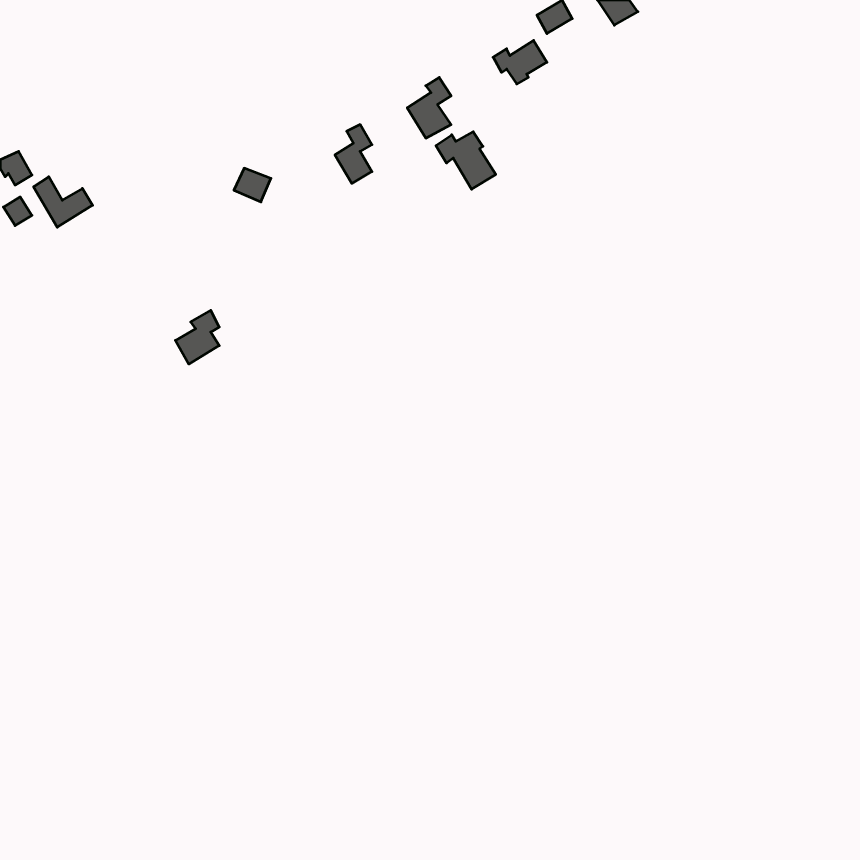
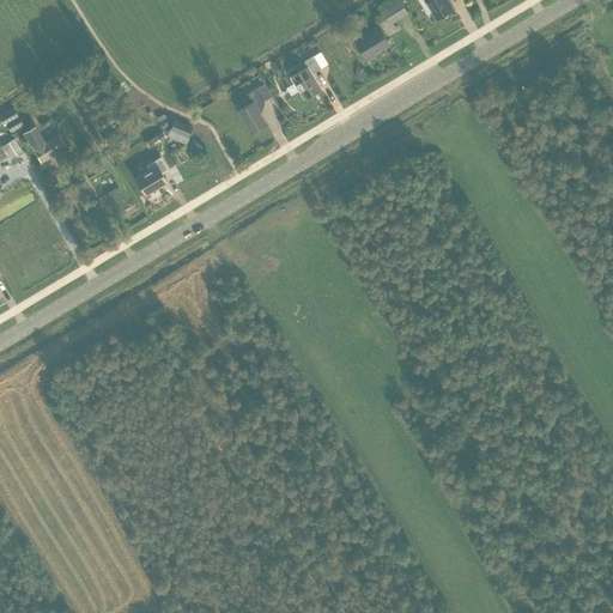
building: [436,132,496,189] -> none
building: [175,310,219,364] -> [135,157,166,195]

